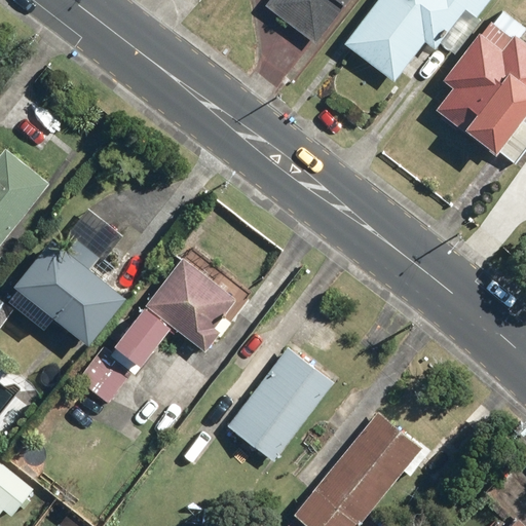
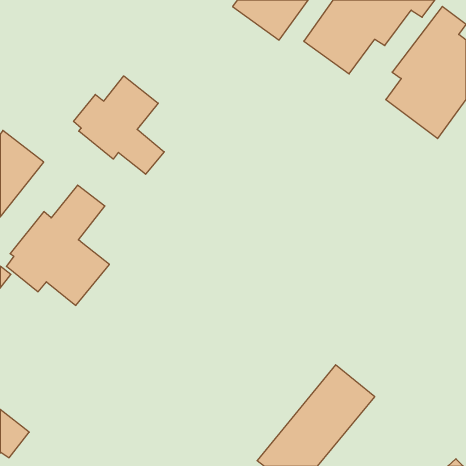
building: none -> [74,76,164,174]
building: [76,258,236,406] -> none
building: [226,345,335,461] -> none

